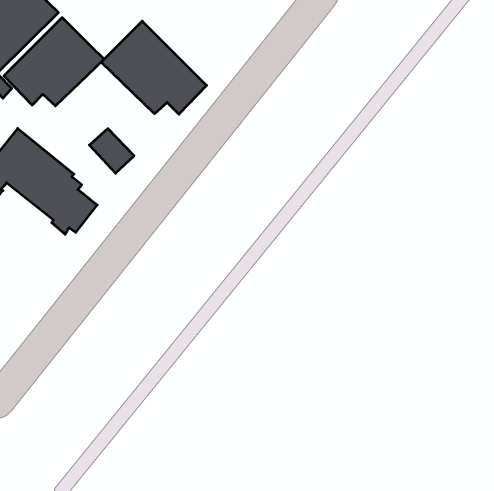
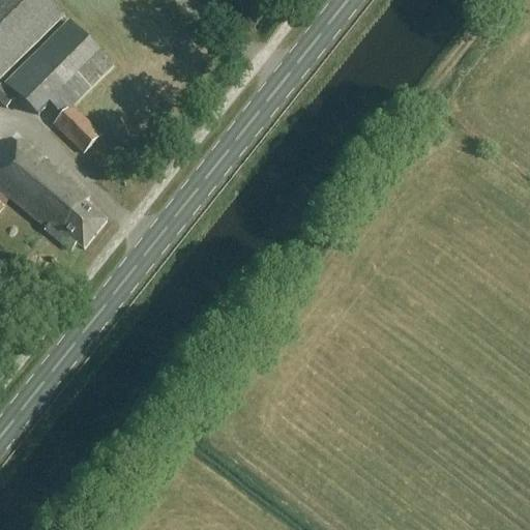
building: [101,21,207,114] -> none
building: [89,129,134,173] -> [52,102,99,150]

